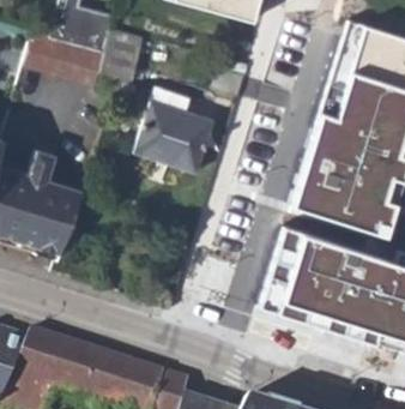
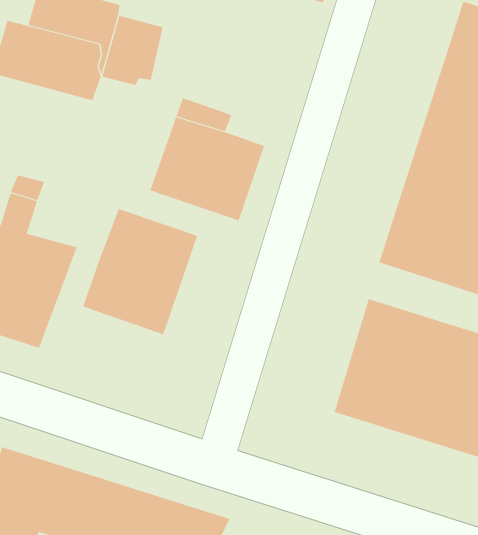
building: none -> [83,208,198,335]

